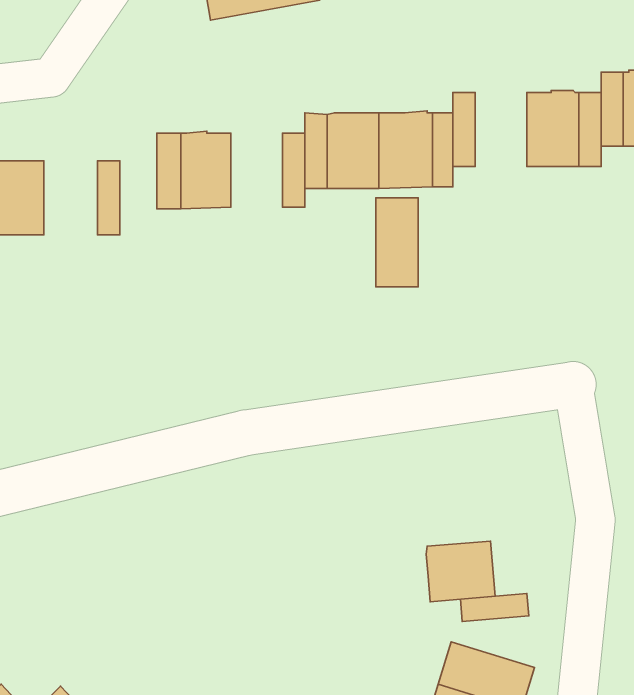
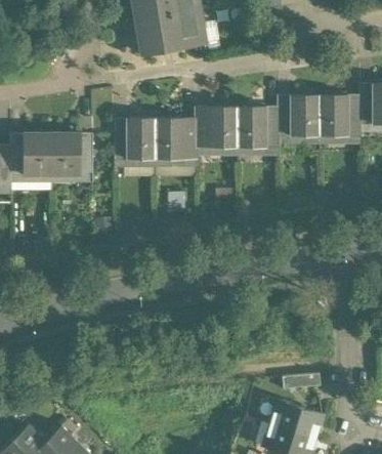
building: none -> [291,94,320,136]
building: none -> [156,117,184,159]
building: none -> [52,133,82,174]
building: [376,198,418,287] -> none
building: [426,541,495,602] -> none

